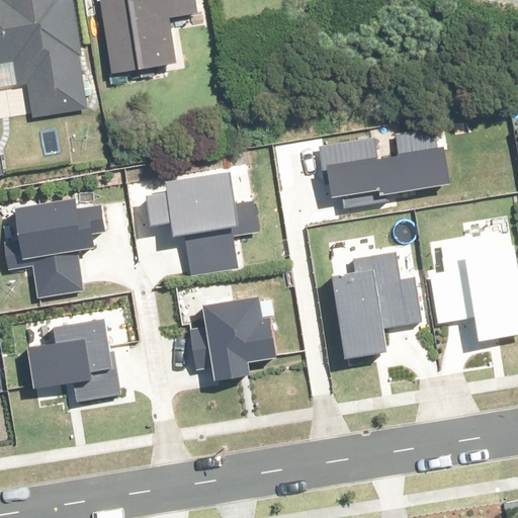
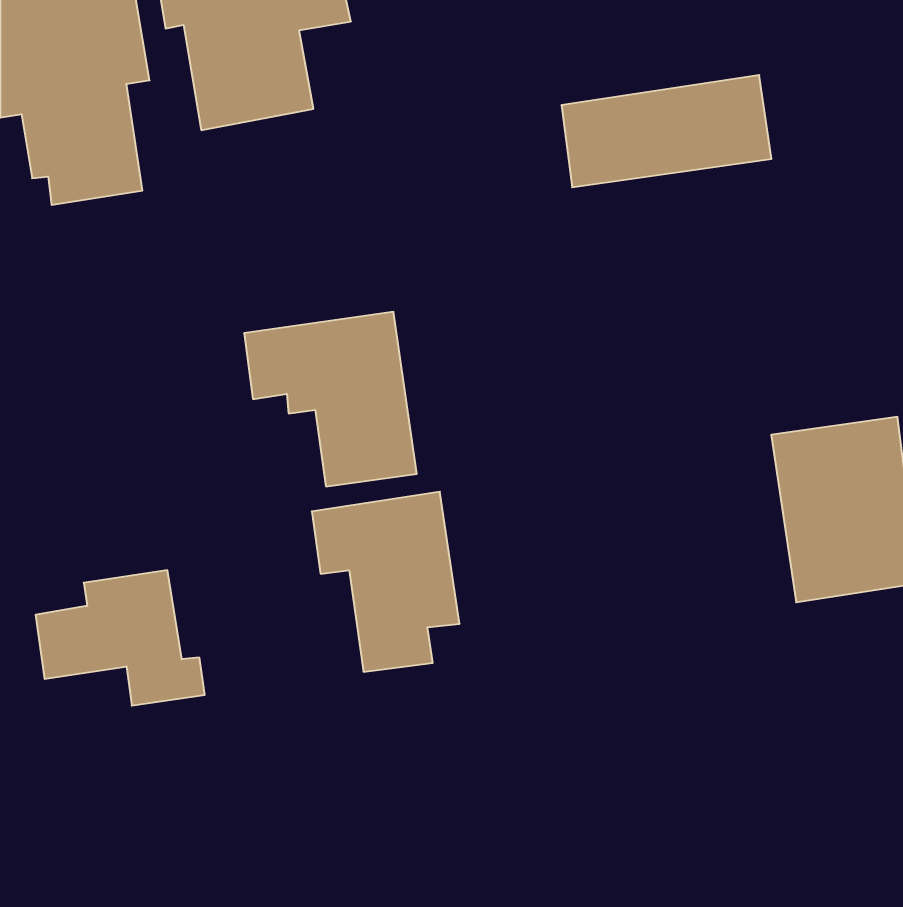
building: [328,132,447,195] -> [561,75,772,187]
building: [14,196,99,296] -> none
building: [328,256,416,353] -> none

